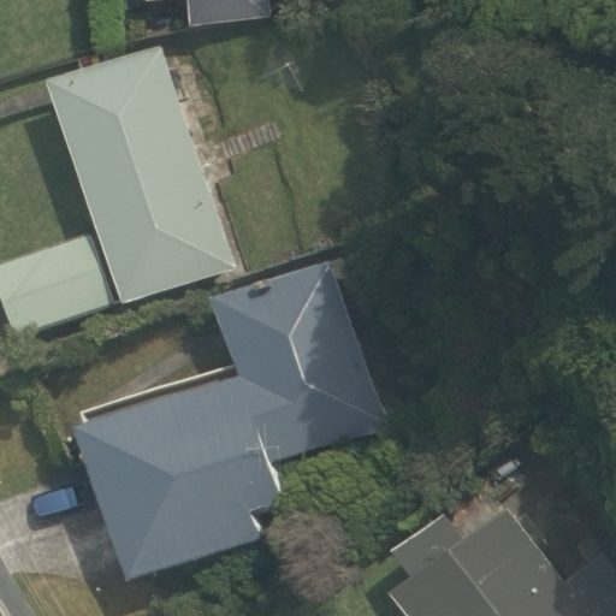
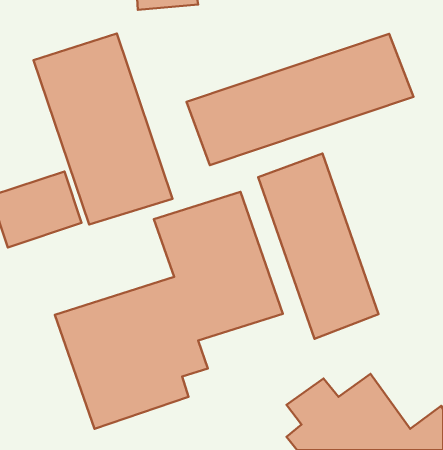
building: none -> [187,34,413,165]
building: none -> [258,153,378,339]

